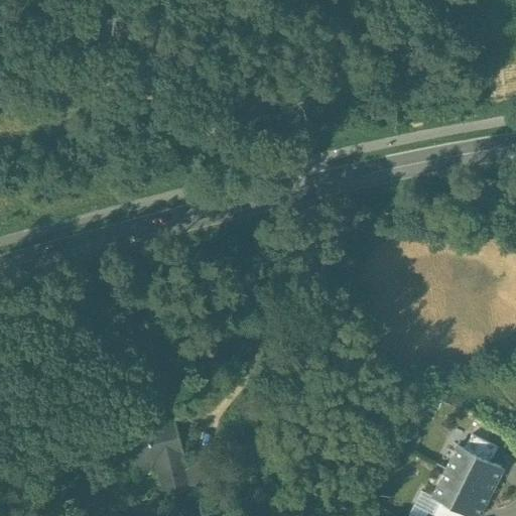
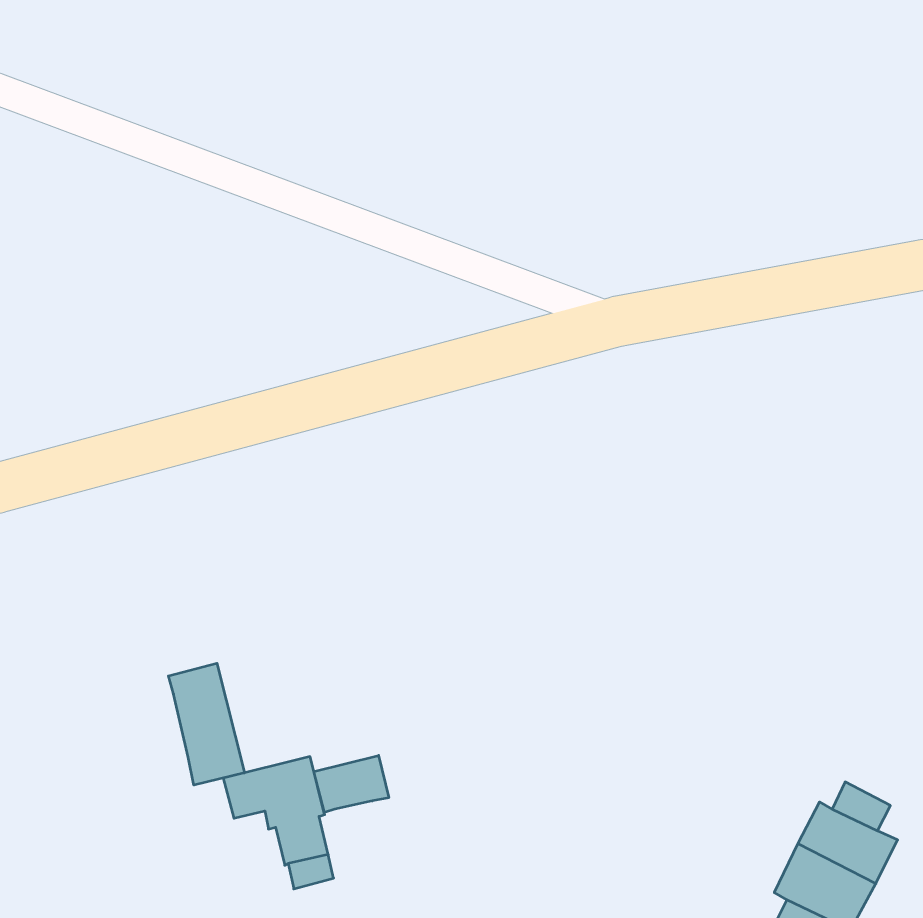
building: none -> [168,663,244,785]
building: none -> [314,755,389,812]

